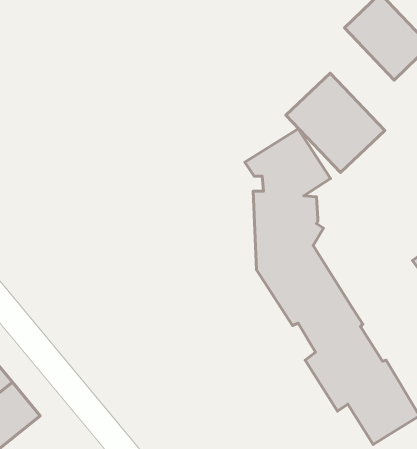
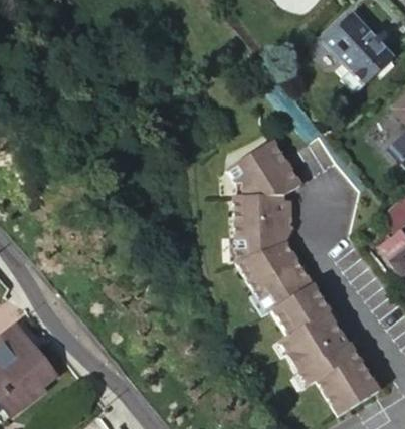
building: [286,73,385,173] -> none

